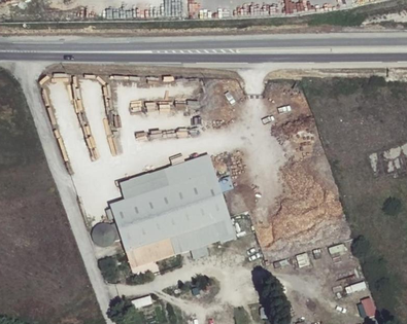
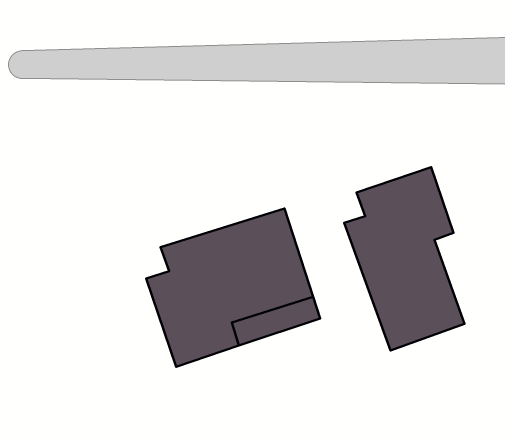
building: none -> [344,167,465,350]

